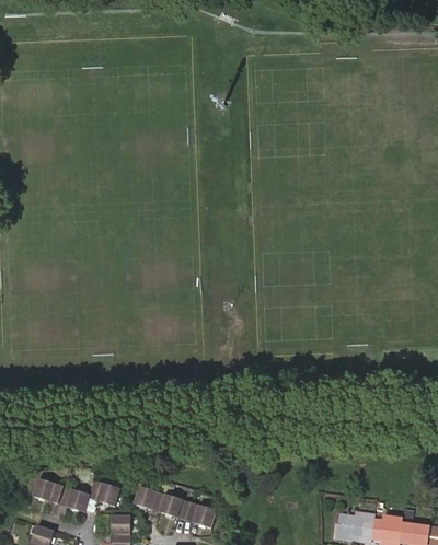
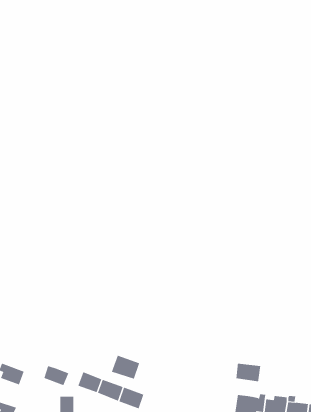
building: none -> [111,355,140,379]
building: none -> [236,363,261,382]
building: [58,485,89,511] -> none

